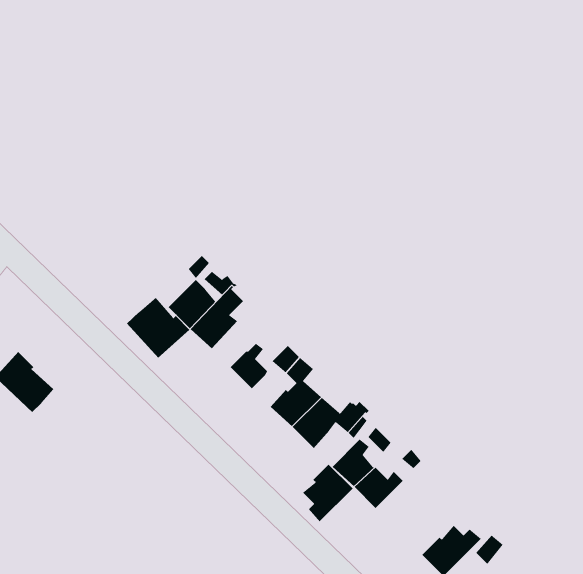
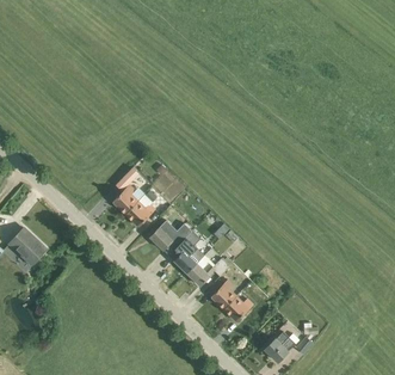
building: [126,295,190,359] -> none
building: [302,464,353,522] -> none

